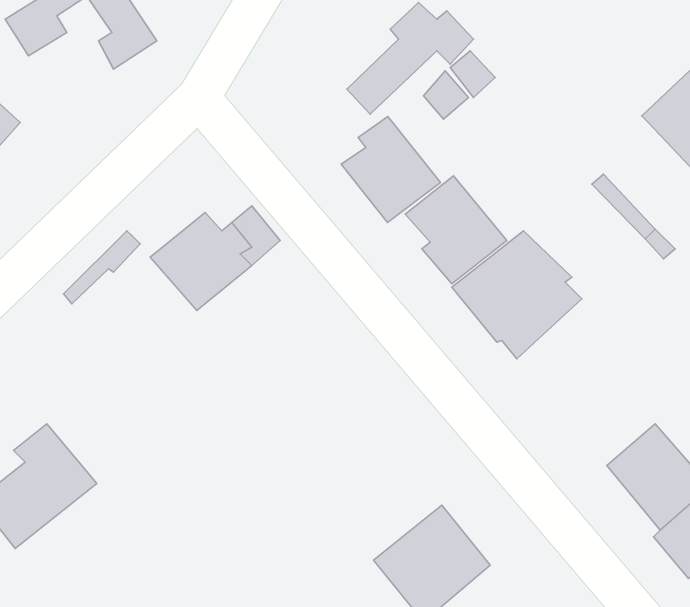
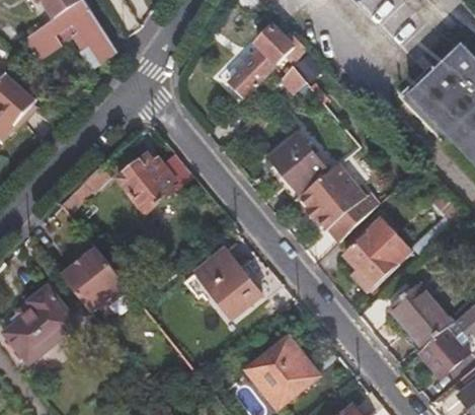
building: [341,117,441,223] -> none
building: none -> [340,219,410,296]
building: none -> [60,249,126,315]
building: none -> [195,251,261,319]

